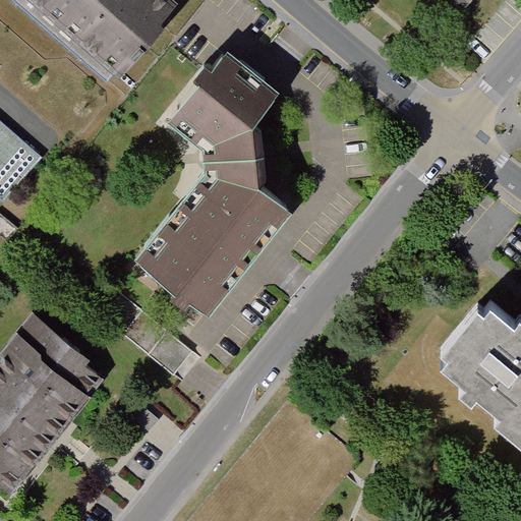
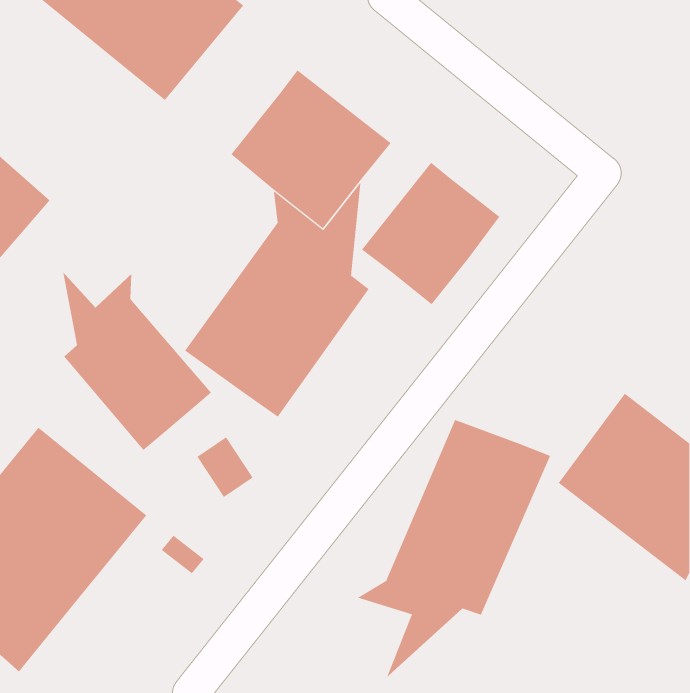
building: none -> [361,162,500,305]
building: none -> [62,271,212,451]
building: none -> [357,419,551,679]

